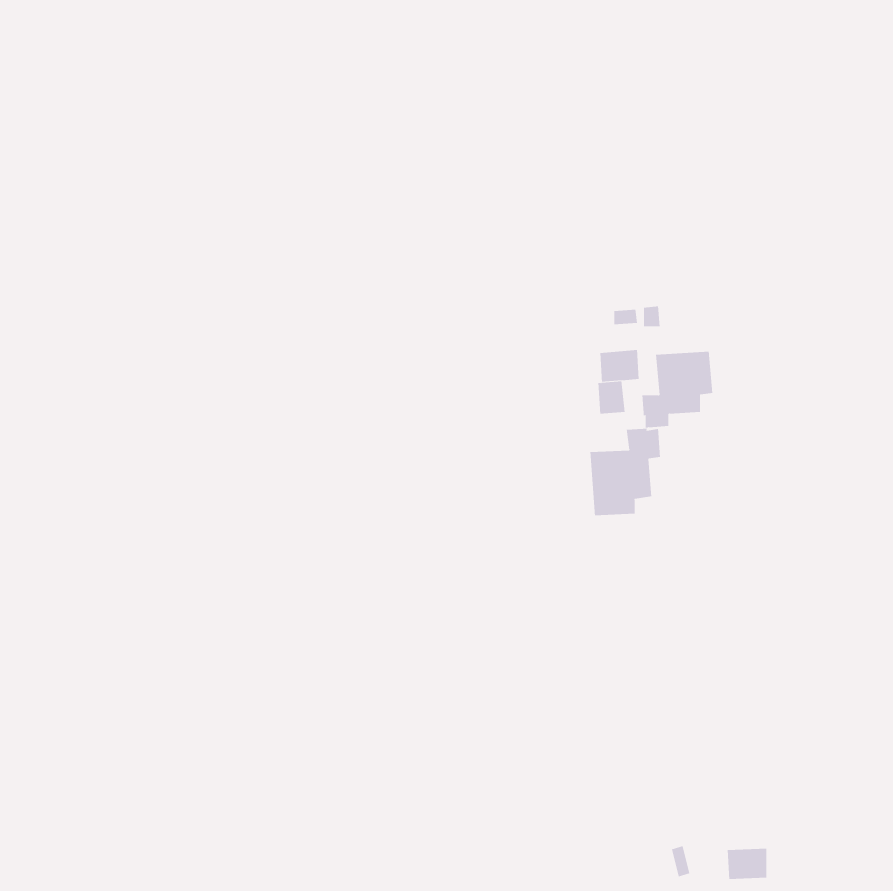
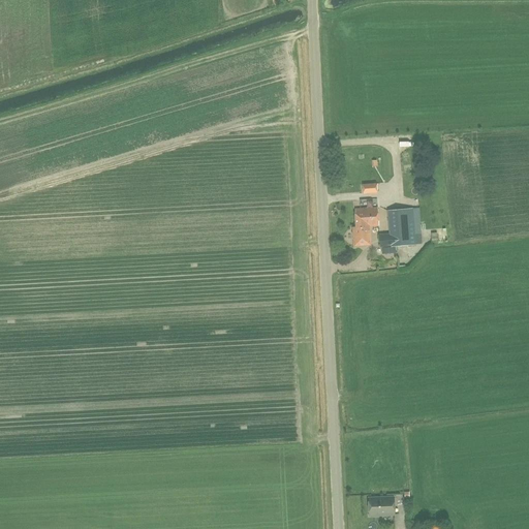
building: [590,428,661,516] -> none
building: [727,848,767,880] -> [369,496,393,515]

